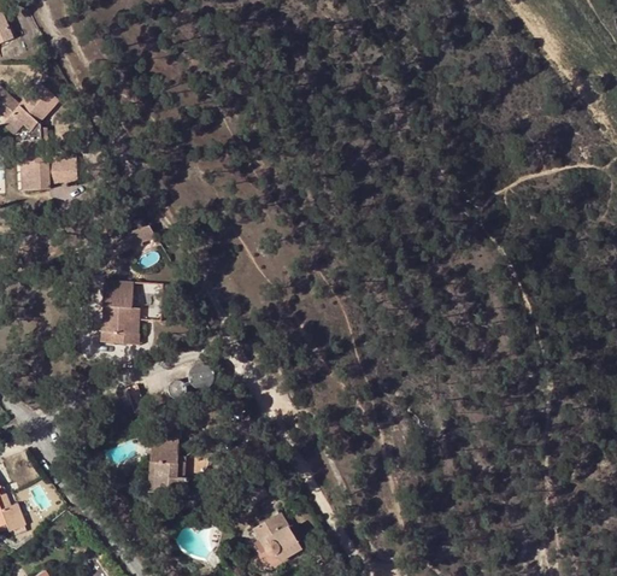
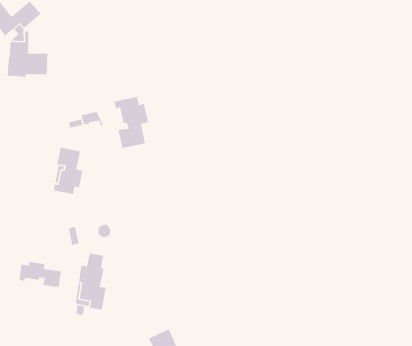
building: none -> [113,96,149,149]
building: [187,362,215,388] -> none
building: none -> [18,261,62,288]

